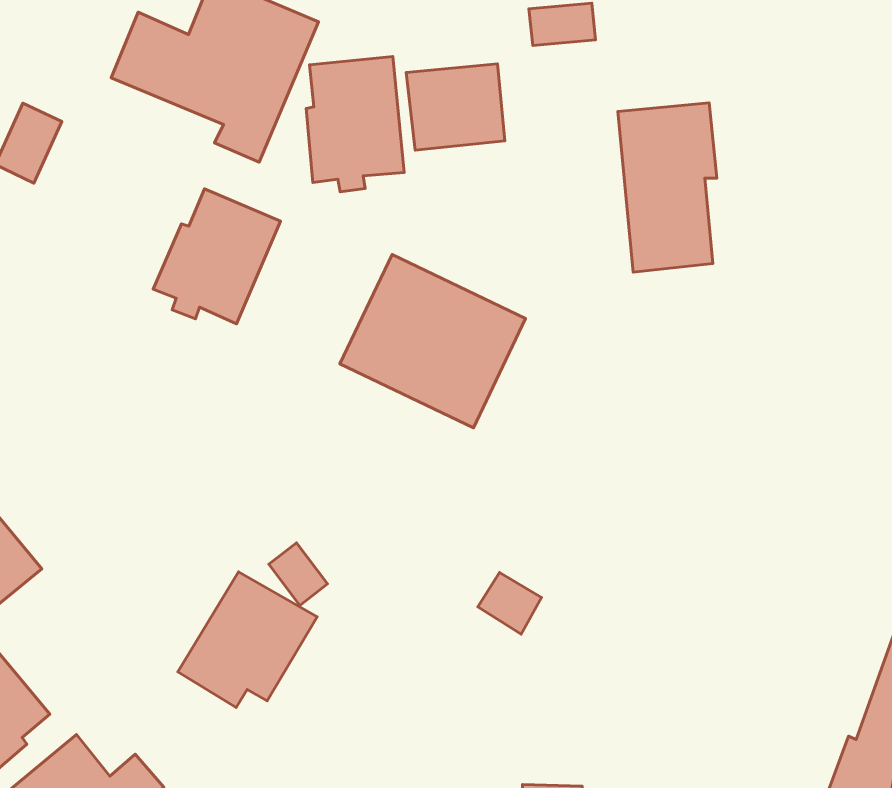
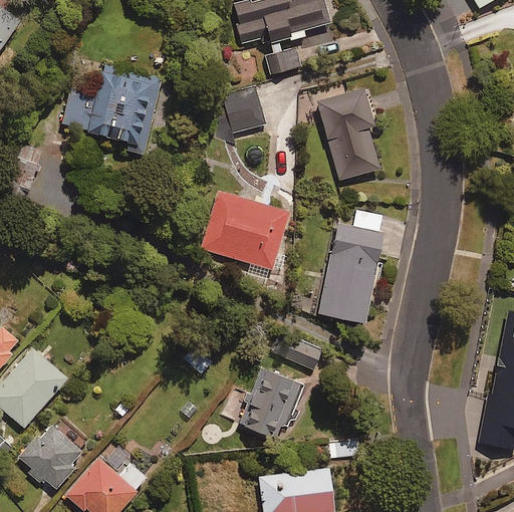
building: [306,56,404,192] -> none
building: [153,189,281,324] -> none
building: none -> [319,212,388,323]
building: [178,572,317,708] -> [240,367,305,436]

